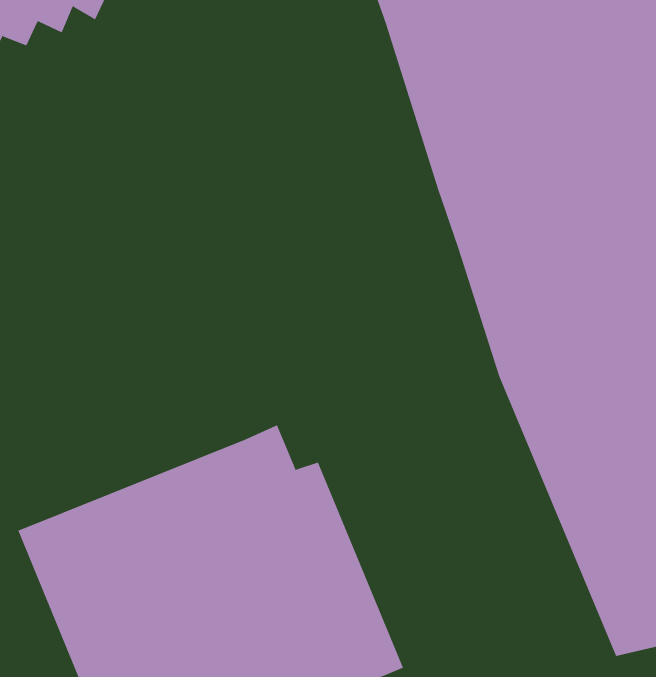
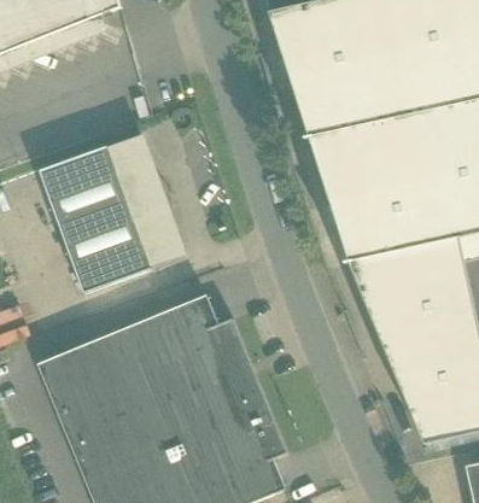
building: none -> [40,138,183,293]

